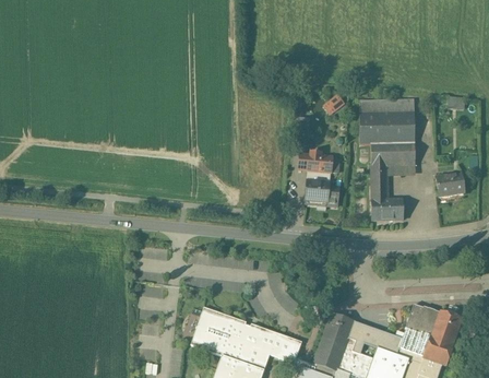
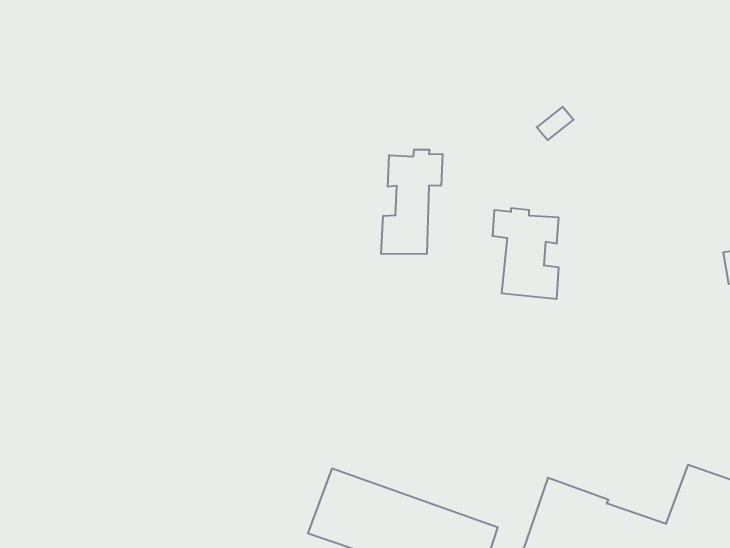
building: [359,101,415,221] -> none
building: none -> [381,150,443,254]

